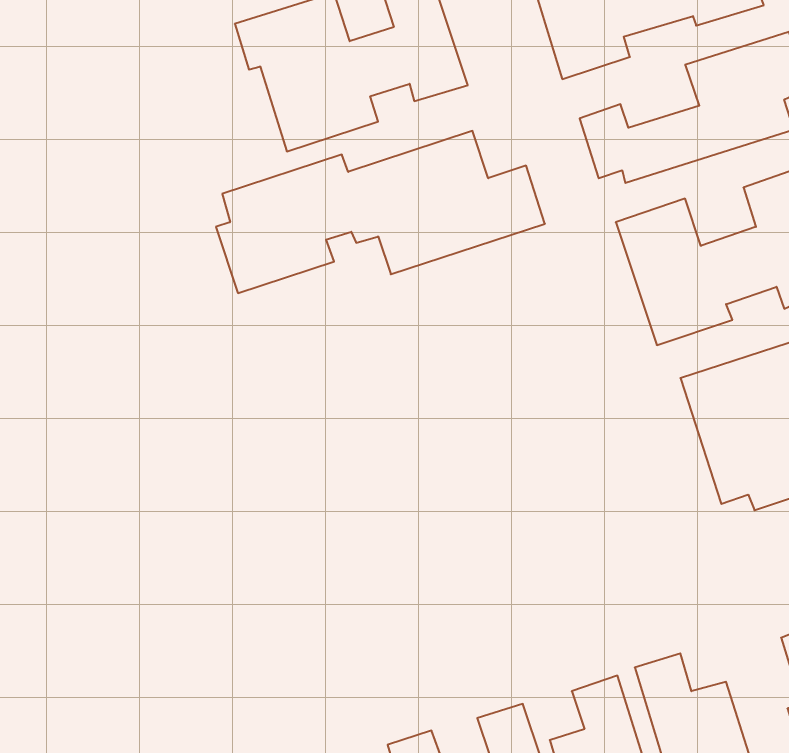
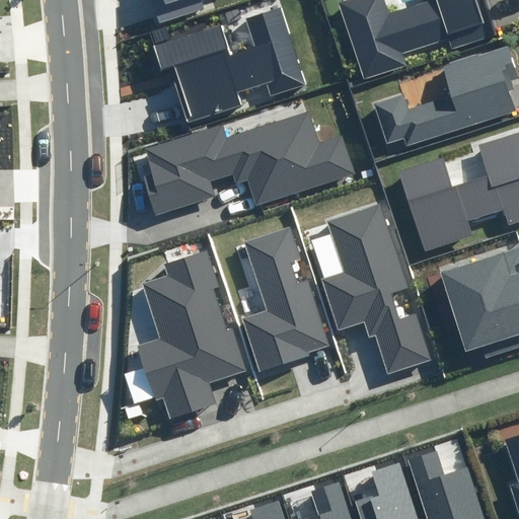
building: none -> [320,202,432,372]
building: none -> [243,229,329,372]
building: none -> [139,252,247,418]

